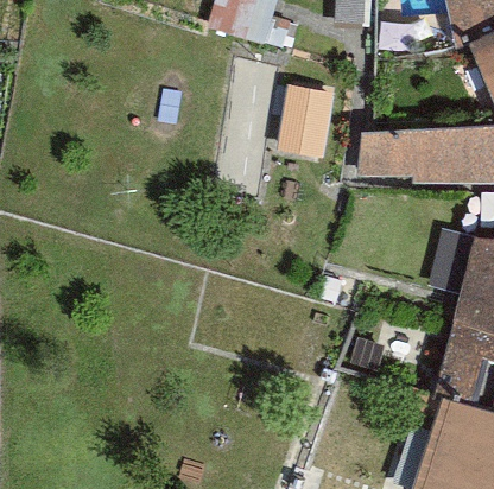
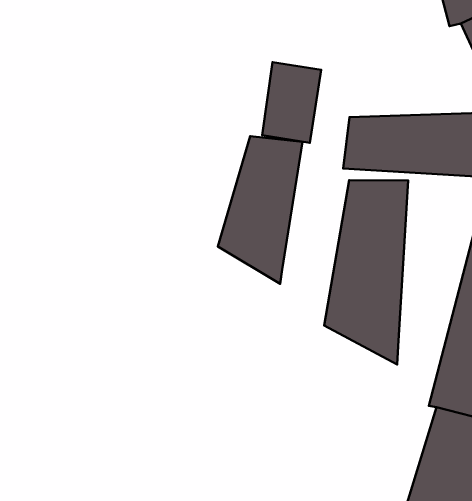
building: none -> [218,136,303,284]
building: none -> [324,180,408,365]

